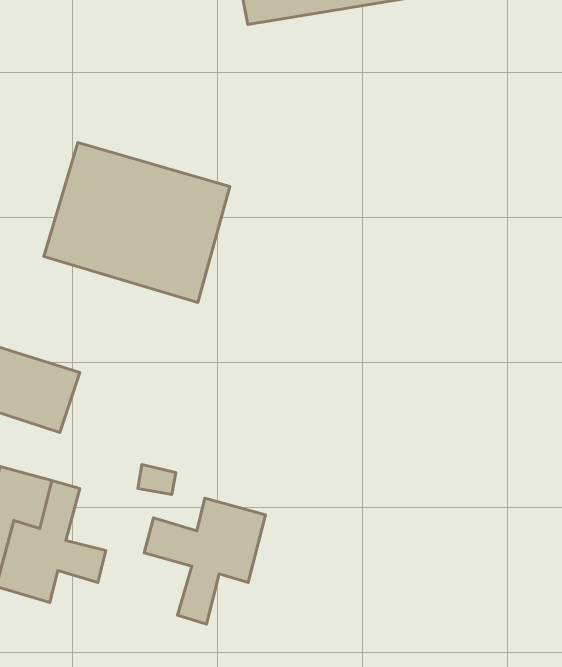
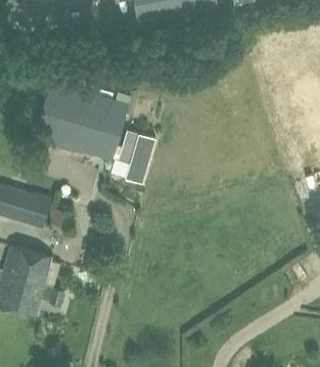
building: none -> [118,131,153,182]
building: [144,498,266,624] -> none

